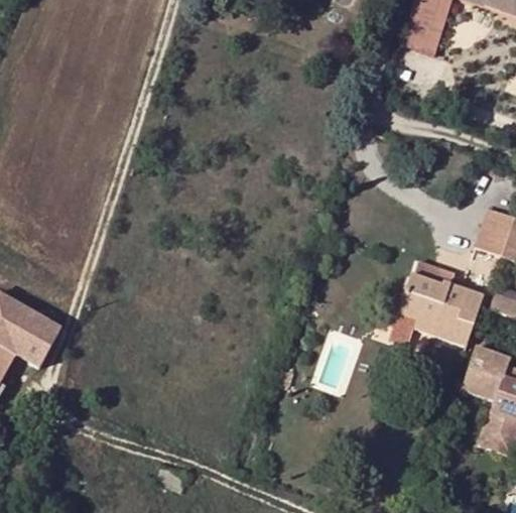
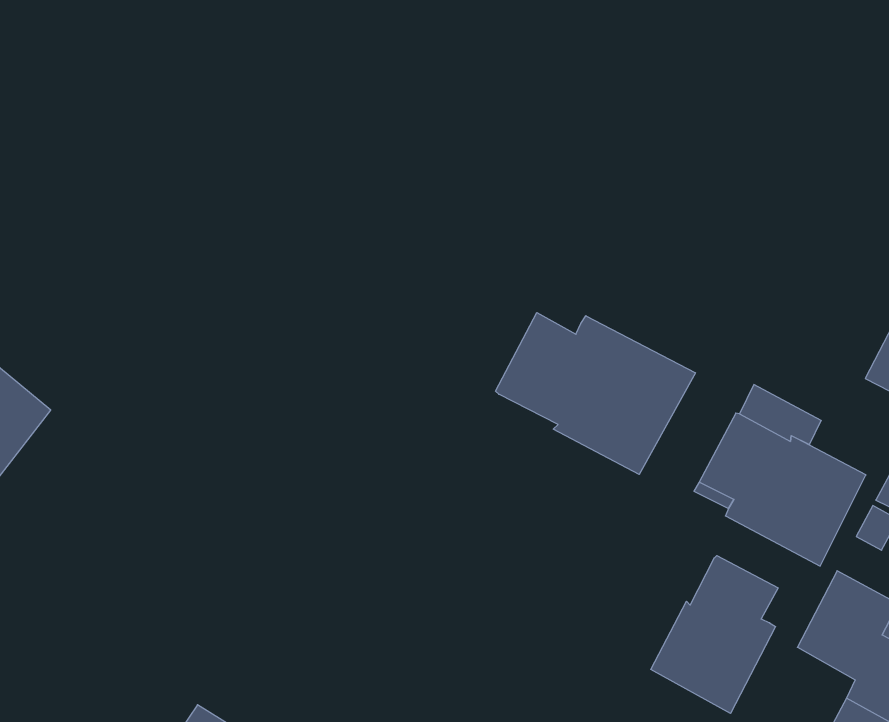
building: none -> [496,313,695,474]
building: none -> [651,556,778,713]

